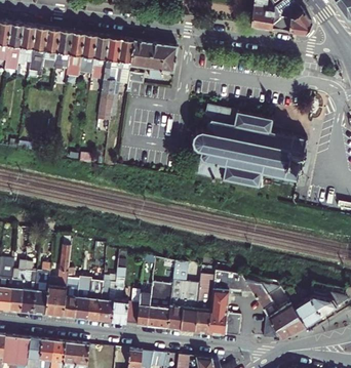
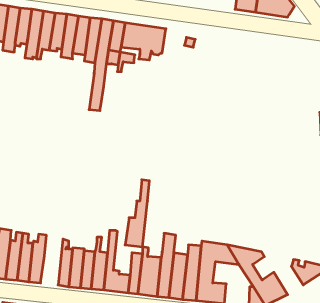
building: [189,105,306,189] -> none
building: [43,246,69,317] -> [125,180,149,247]
building: [280,287,320,327] -> none

